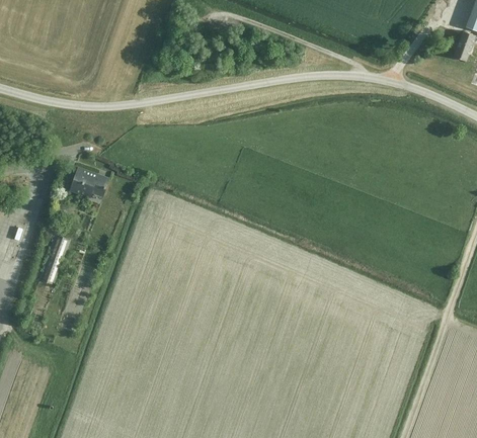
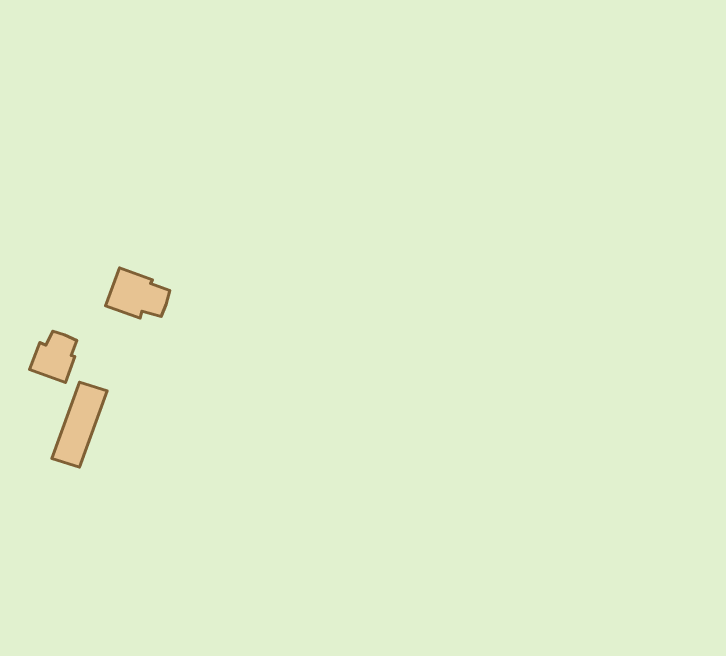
building: none -> [30,331,77,382]

